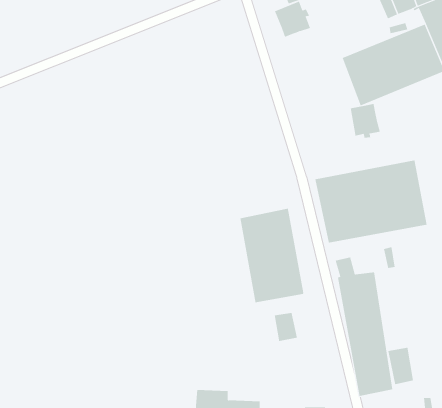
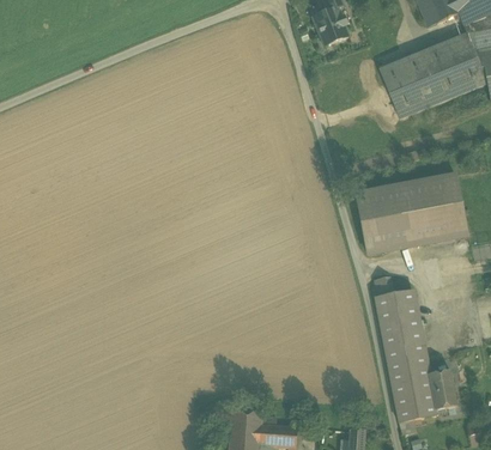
building: [350,103,380,138] -> none
building: [240,208,304,303] -> none
building: [274,312,297,342] -> none

